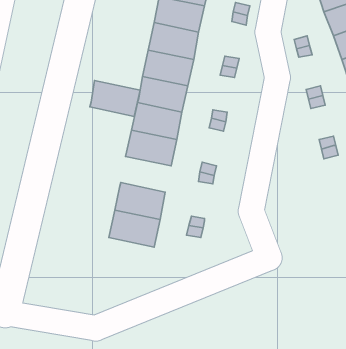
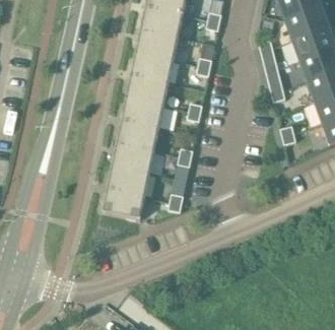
building: [90,81,140,116] -> [112,142,154,173]

